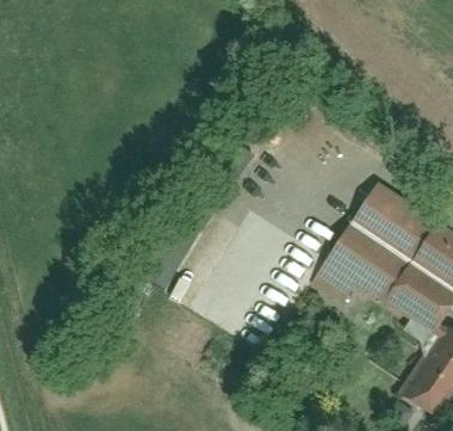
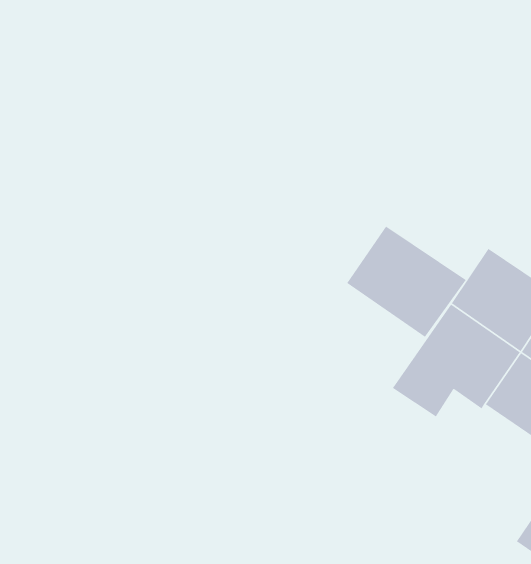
building: none -> [346,226,467,338]

